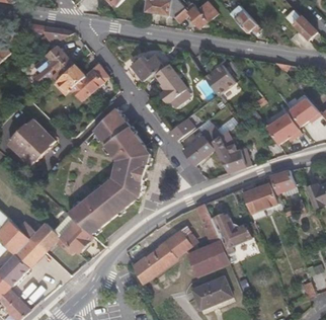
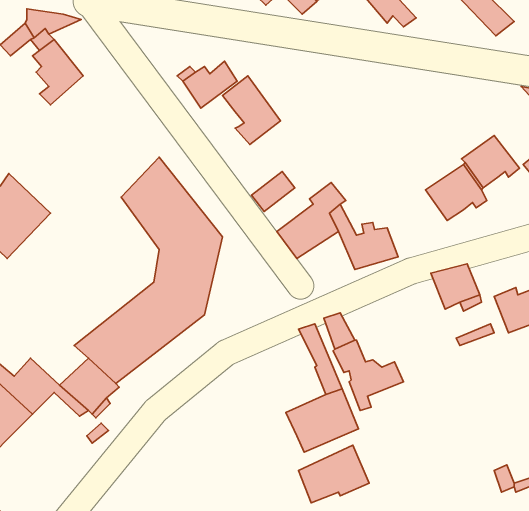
building: [203,62,236,93] -> none
building: [57,63,108,100] -> none
building: [240,181,276,219] -> none
building: [132,223,195,283] -> none

